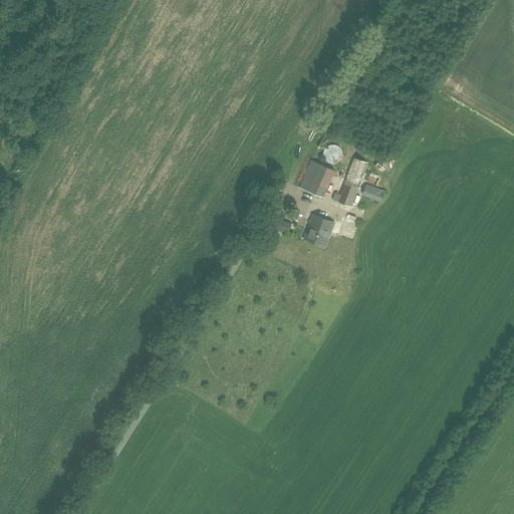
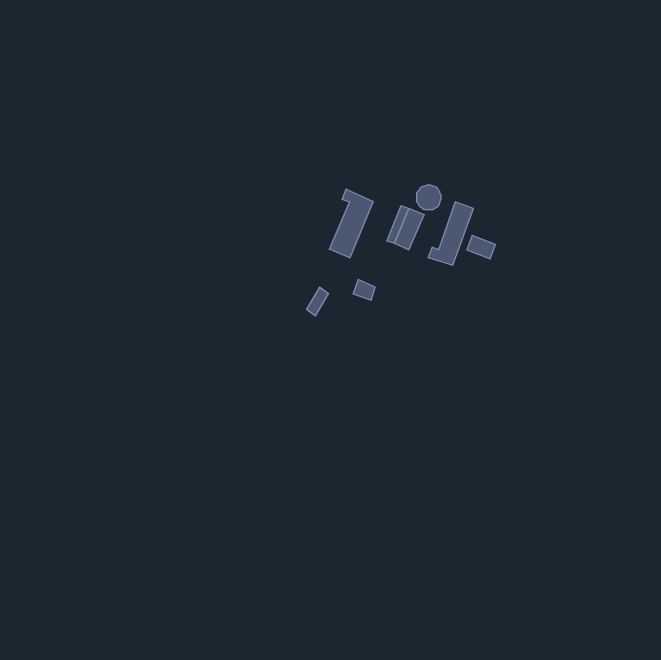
building: none -> [329,189,373,258]
building: [304,214,334,246] -> none

